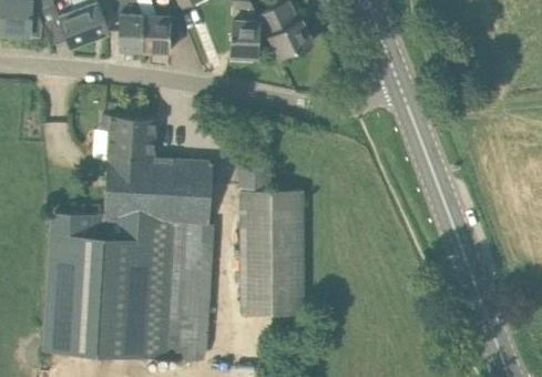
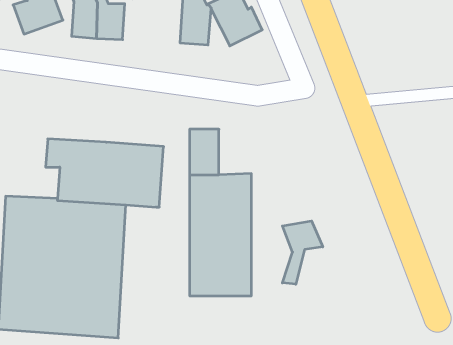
building: [94,115,156,159] -> none
building: [166,223,213,361] -> none
building: none -> [282,221,323,284]

